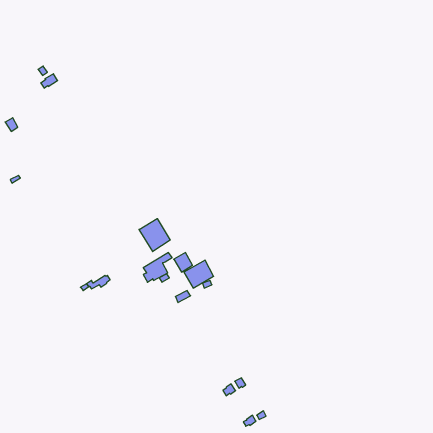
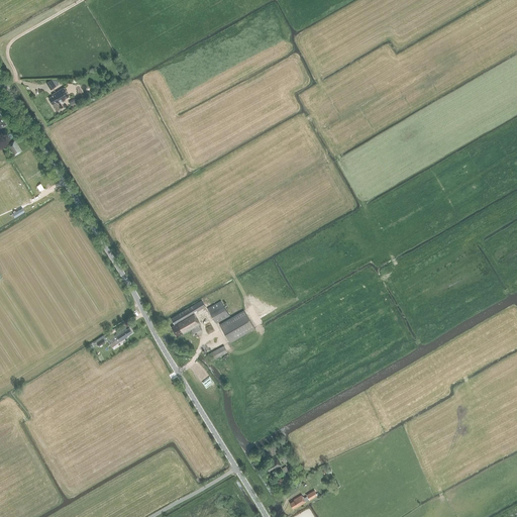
building: [139,219,170,252] -> none

